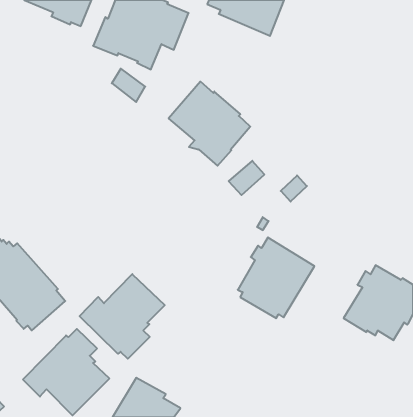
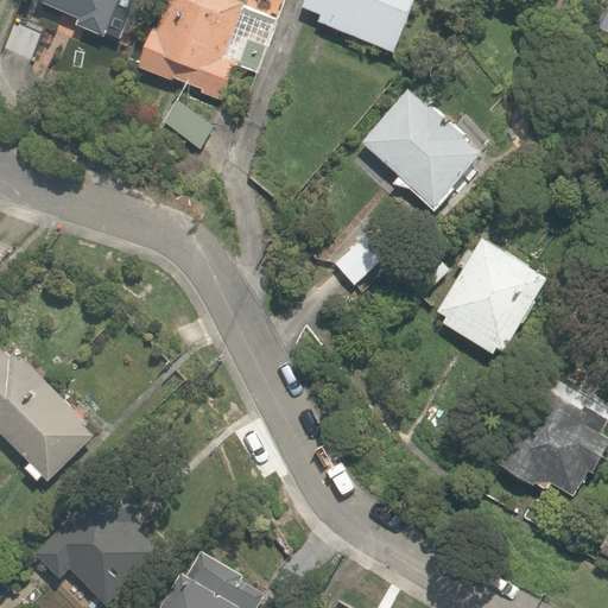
building: [169,82,250,166] -> [362,88,481,210]
building: [238,237,314,318] -> [436,236,547,354]
building: [80,274,165,359] -> none

